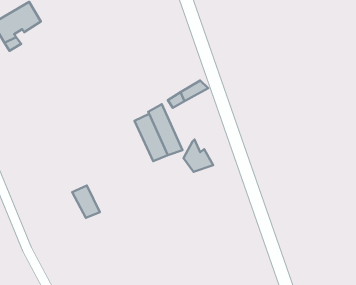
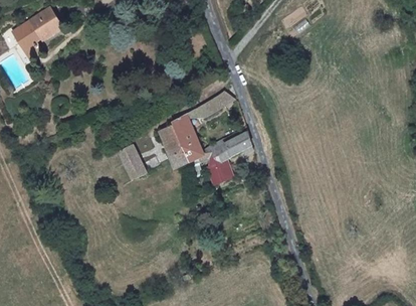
building: none -> [218,131,252,163]
building: [72,185,100,218] -> [115,145,143,178]

